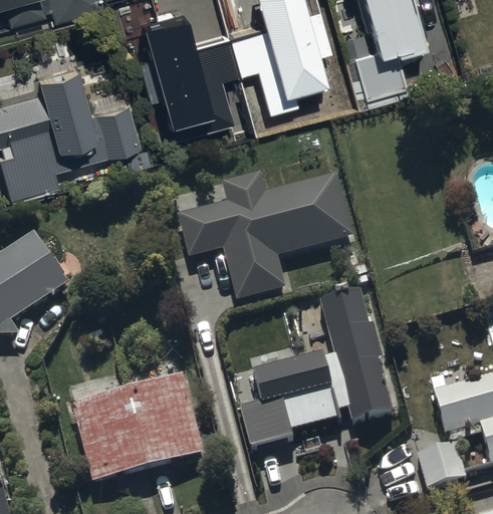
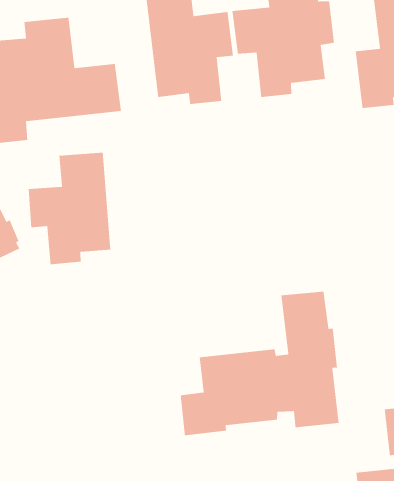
building: [178,178,352,305] -> none
building: none -> [28,152,111,265]
building: [72,379,208,491] -> none

